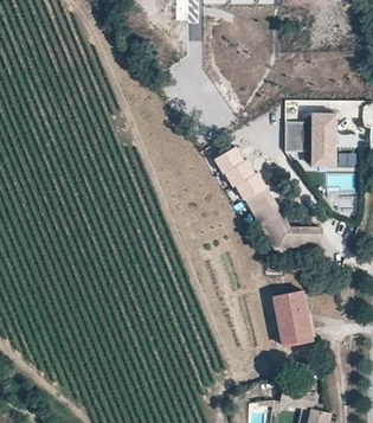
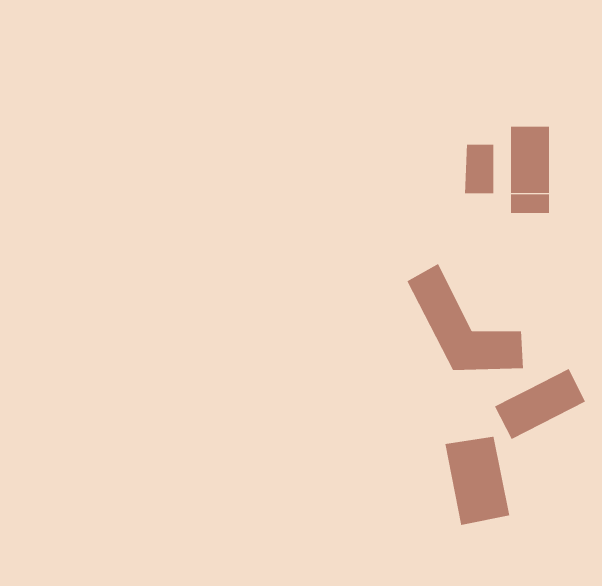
building: [216,147,266,200] -> none
building: none -> [494,368,586,440]

